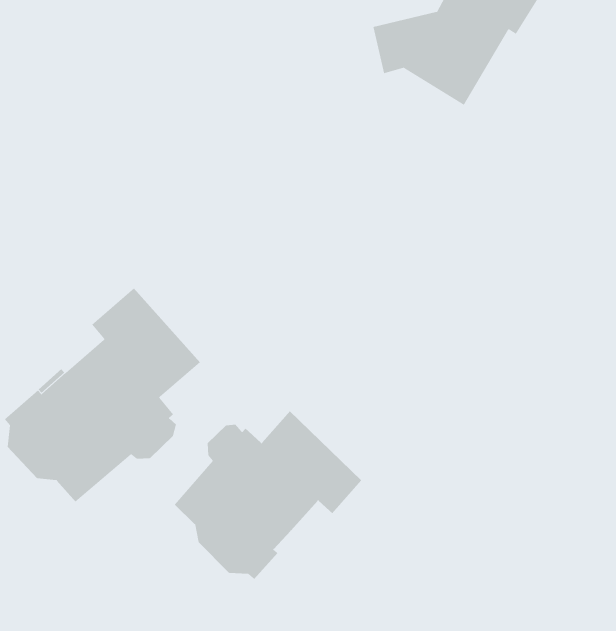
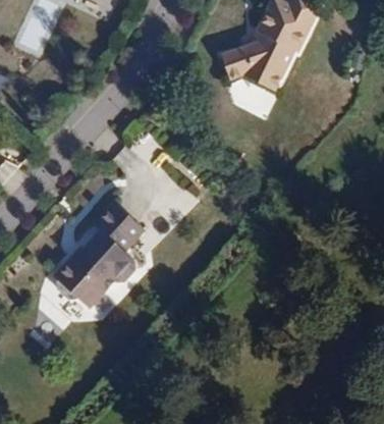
building: [174,411,362,580] -> none

